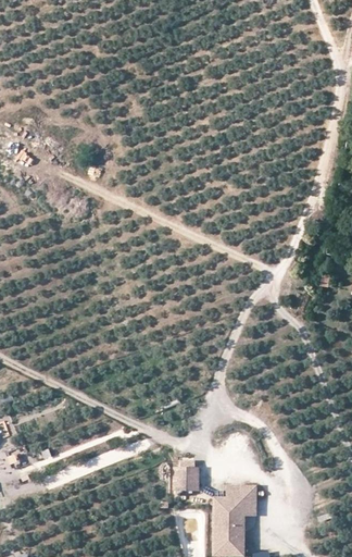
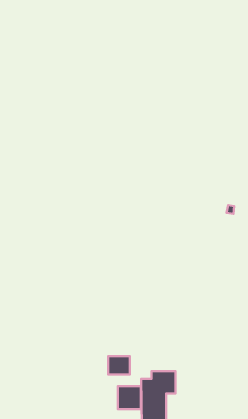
building: none -> [118,386,141,409]

